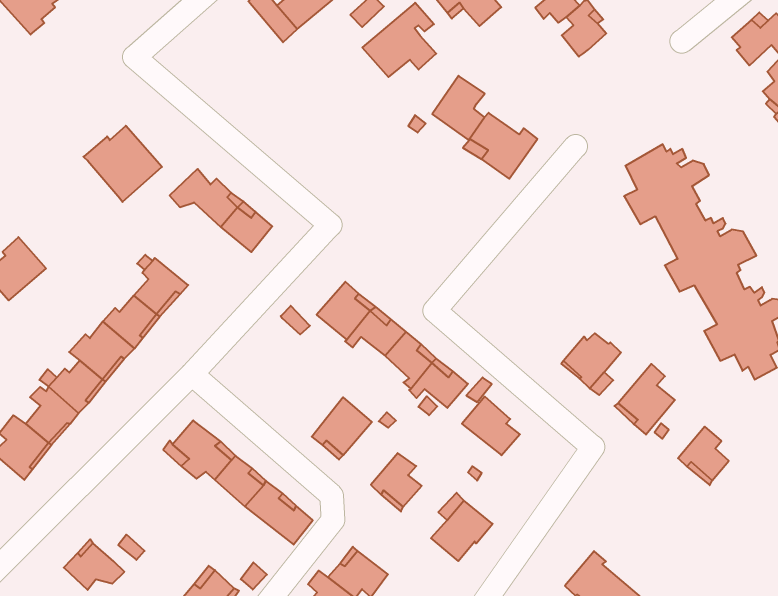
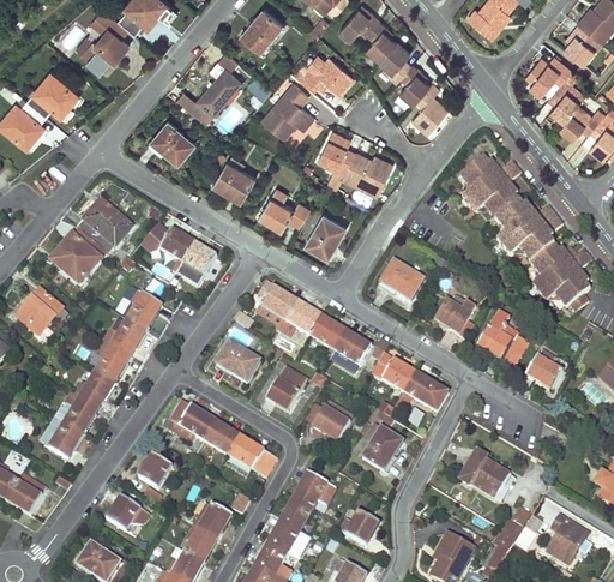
building: none -> [151,119,194,162]
building: none -> [410,82,450,133]
building: none -> [211,155,255,199]
building: none -> [258,187,309,228]
building: none -> [53,229,106,284]
building: none -> [305,214,344,256]
building: none -> [380,262,423,302]
building: none -> [216,342,260,384]
building: none -> [391,376,446,412]
building: none -> [137,456,171,490]

